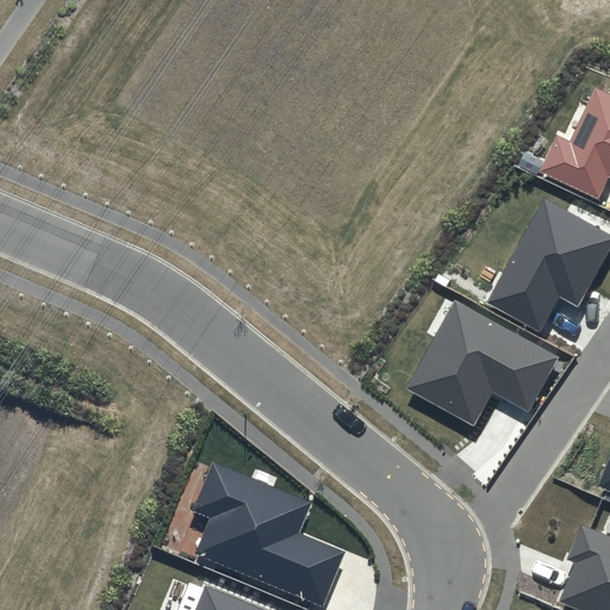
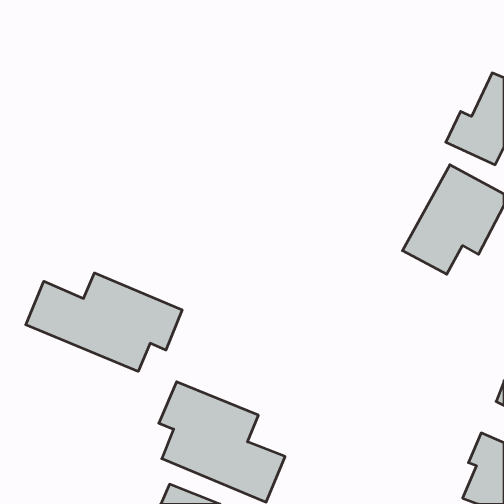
building: [405,300,558,427] -> none
building: none -> [26,273,182,371]

